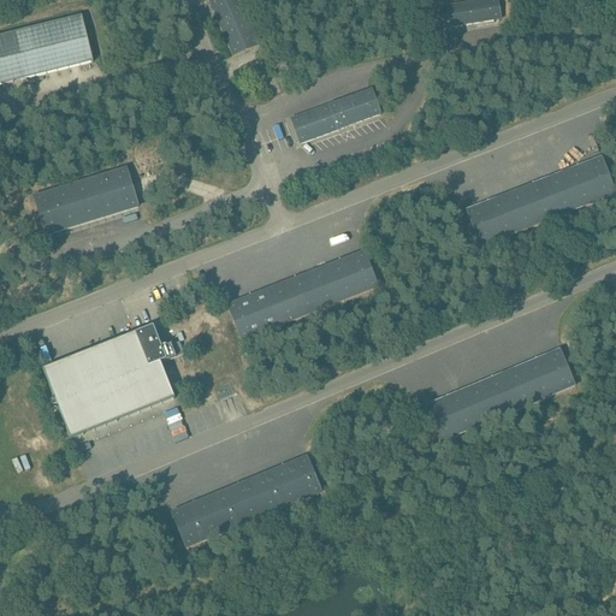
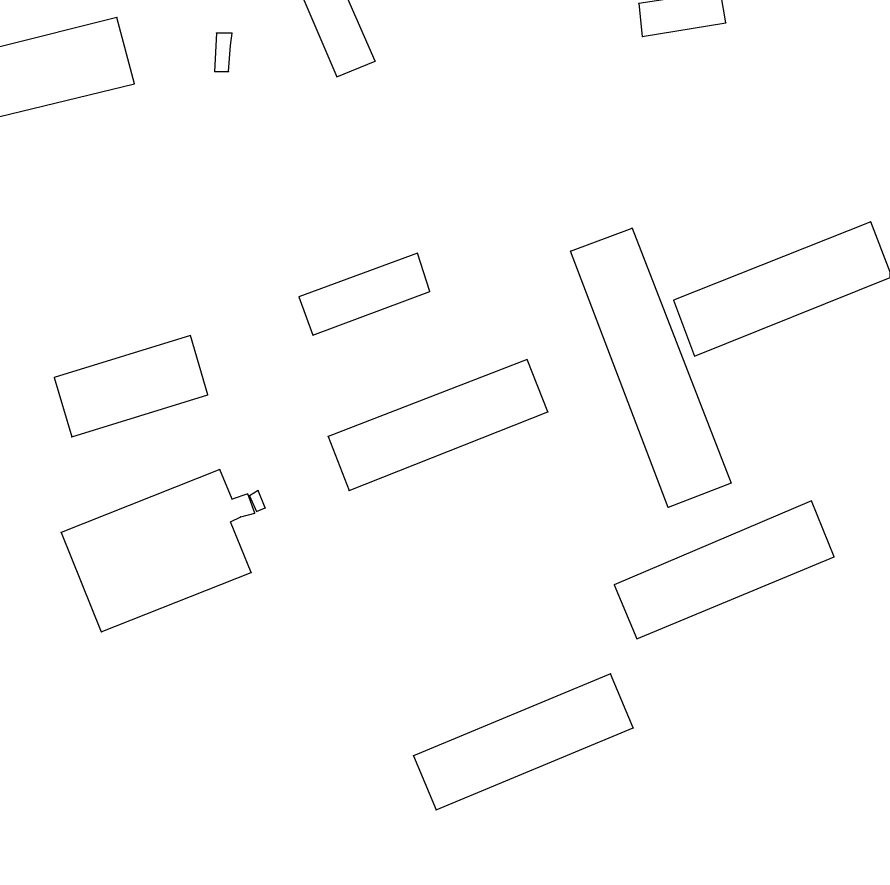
building: [290,85,380,142] -> [299,253,430,335]
building: none -> [571,228,731,507]
building: [32,164,138,233] -> [54,336,208,437]
building: [170,452,321,546] -> [413,674,633,810]

